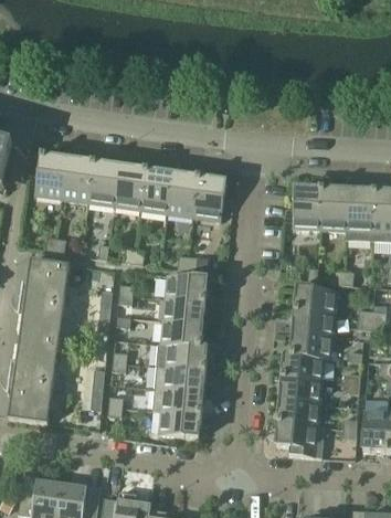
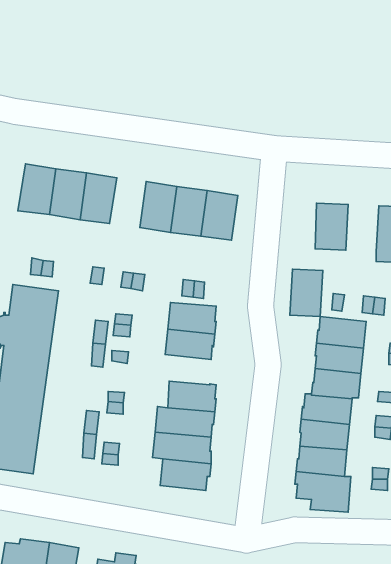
building: [114,165,146,208] -> none
building: [319,188,348,229] -> [290,269,323,316]
building: [161,318,202,345] -> none

